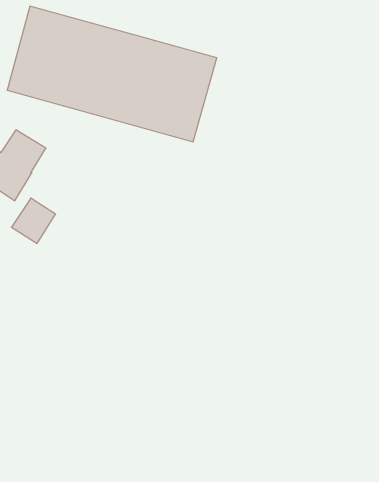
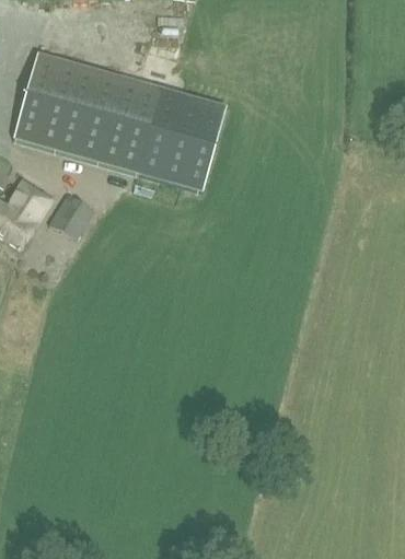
building: [11,198,56,243] -> [49,194,94,240]

